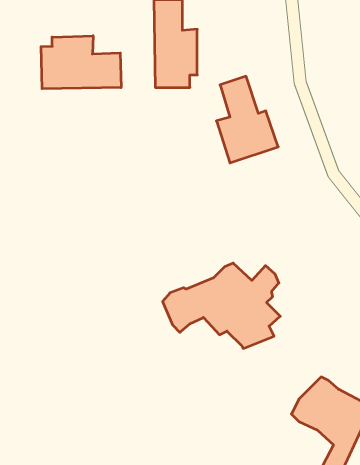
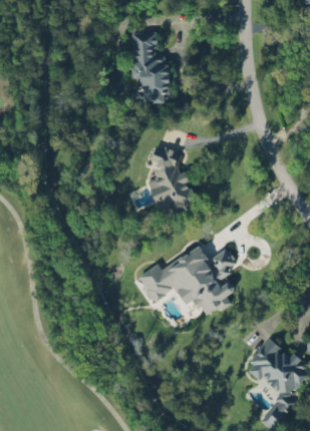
building: [41,36,121,89] -> none
building: [216,76,278,163] -> [147,145,198,216]

